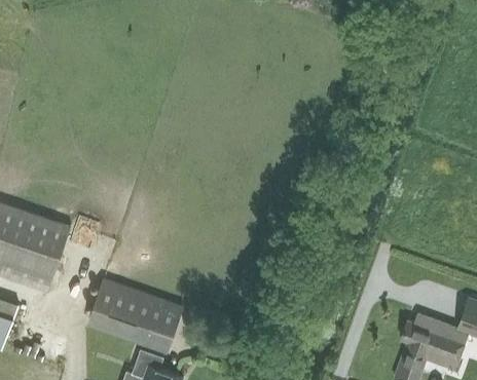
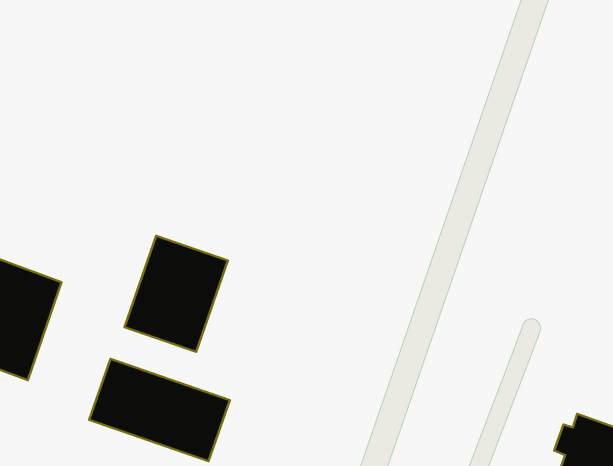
building: none -> [125,236,228,352]

